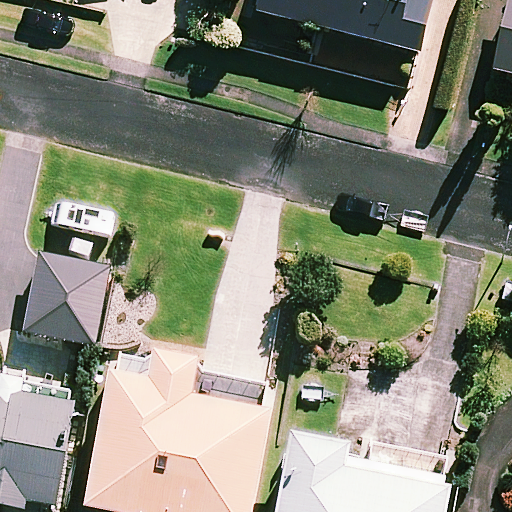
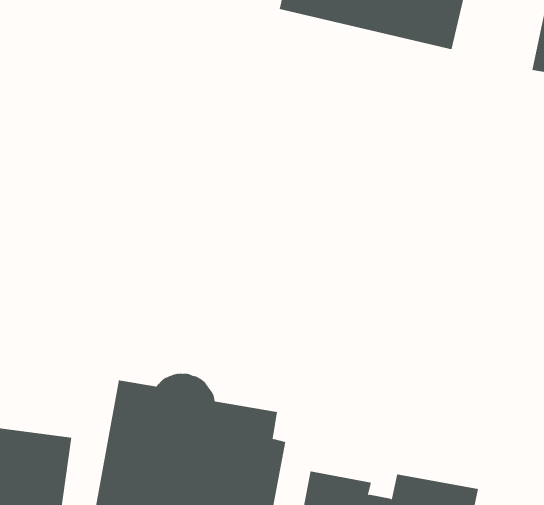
building: [18,256,110,347] -> none

